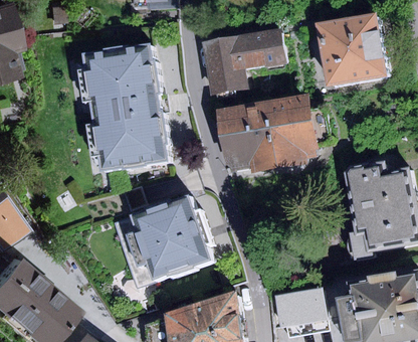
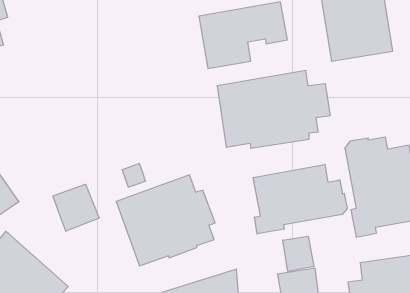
building: [92,43,174,168] -> none
building: none -> [253,164,347,234]
building: none -> [53,184,99,231]
building: none -> [283,236,314,272]

